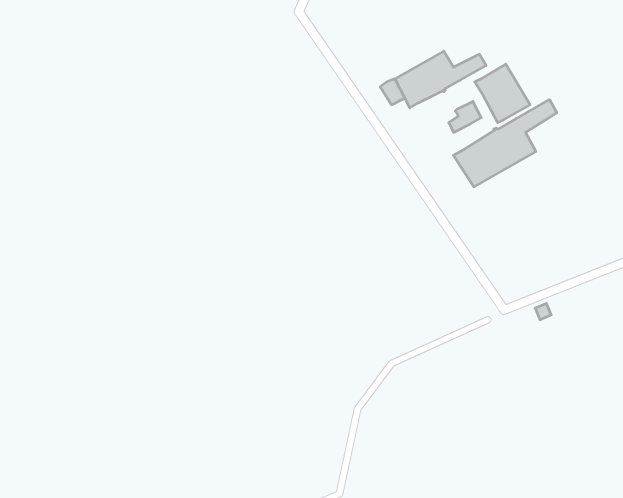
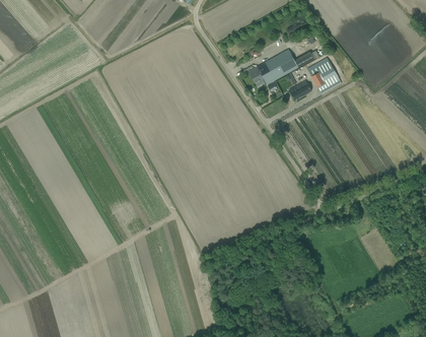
building: [453,100,557,187] -> none

